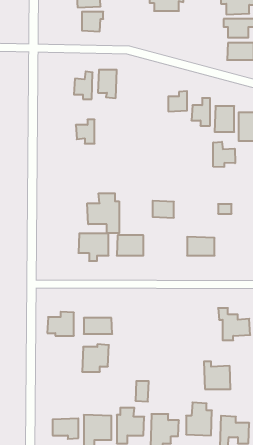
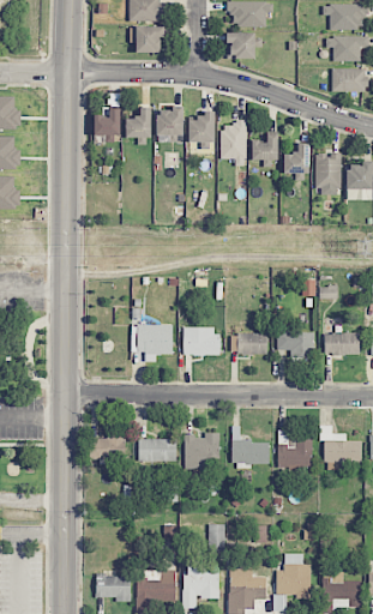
building: none -> [227,34,261,59]
building: none -> [188,112,213,149]
building: none -> [221,119,246,165]
building: [76,120,95,144] -> [94,109,119,142]
building: [213,142,235,167] -> none
building: [87,193,119,233] -> none
building: [153,201,174,218] -> [237,332,266,355]
building: none -> [324,332,359,355]
building: none -> [231,427,270,466]
building: [82,344,109,372] -> [184,432,219,469]
building: [204,361,231,389] -> [277,431,313,468]

